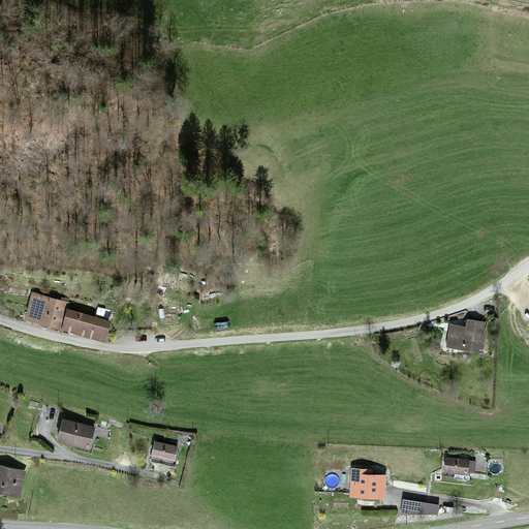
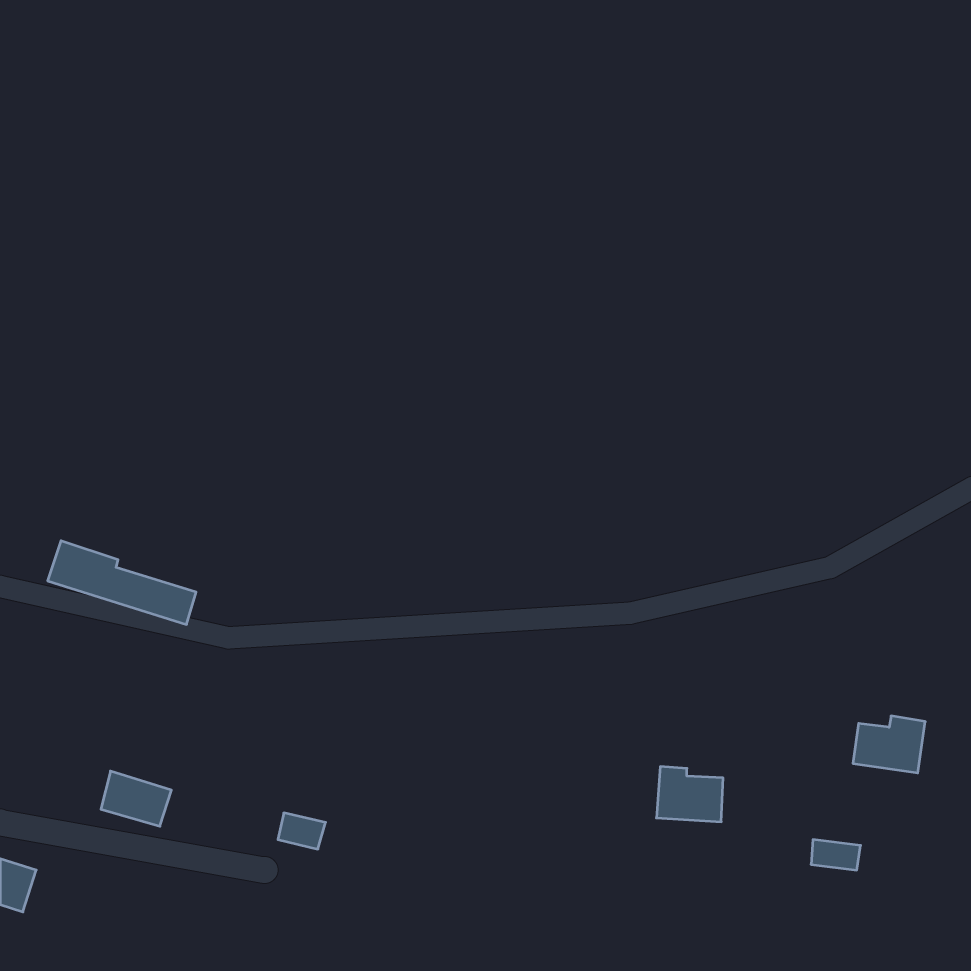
building: [445,320,485,351] -> [853,716,925,773]
building: [351,468,387,498] -> [656,767,723,822]
building: [401,499,439,514] -> none

